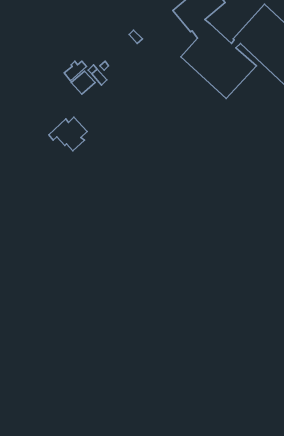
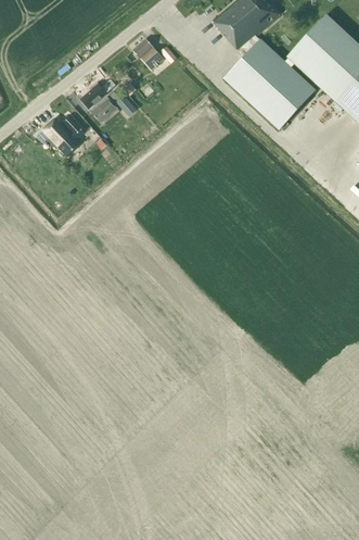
building: none -> [131,37,163,68]
building: [49,117,87,151] -> [36,113,82,154]

